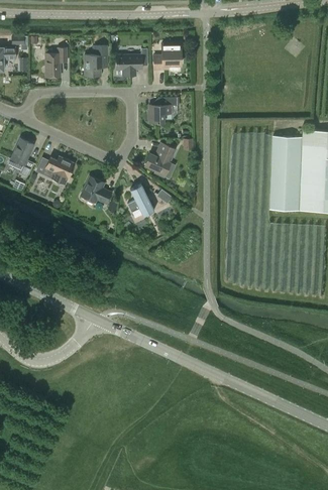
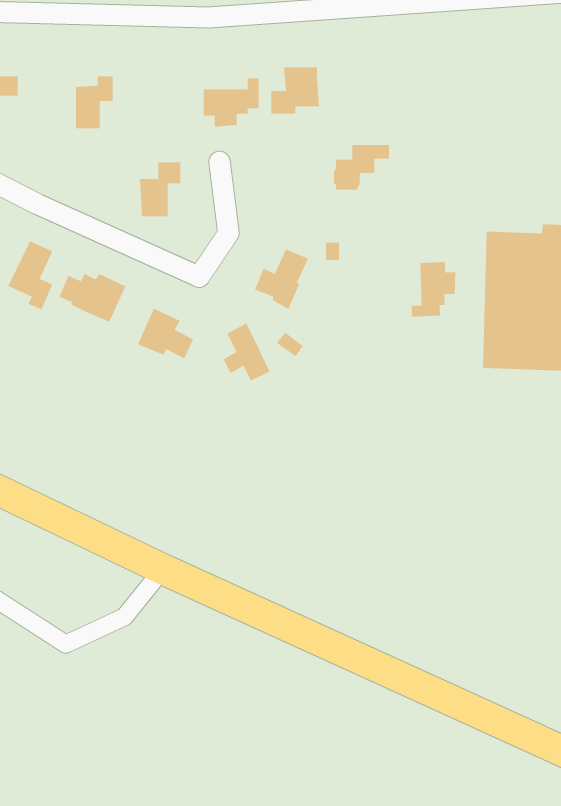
building: [84,46,107,77] -> [139,162,181,217]
building: [147,98,179,123] -> [333,144,390,190]
building: none -> [411,261,456,318]

